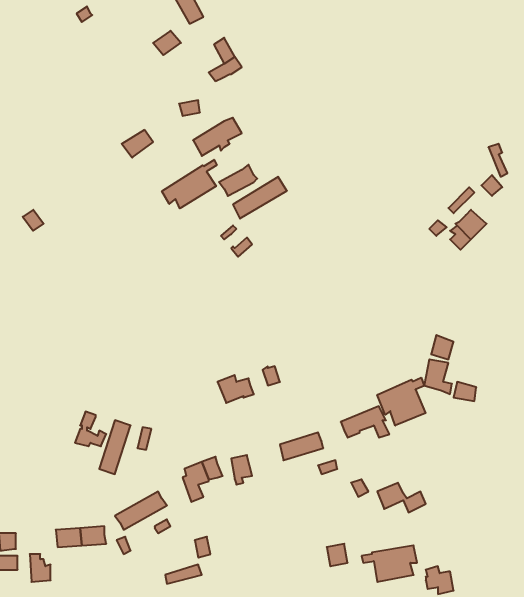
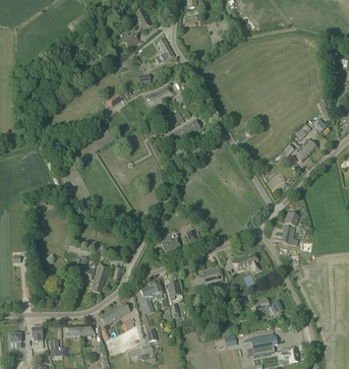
building: [162,160,217,208] -> none
building: [377,378,426,426] -> none

